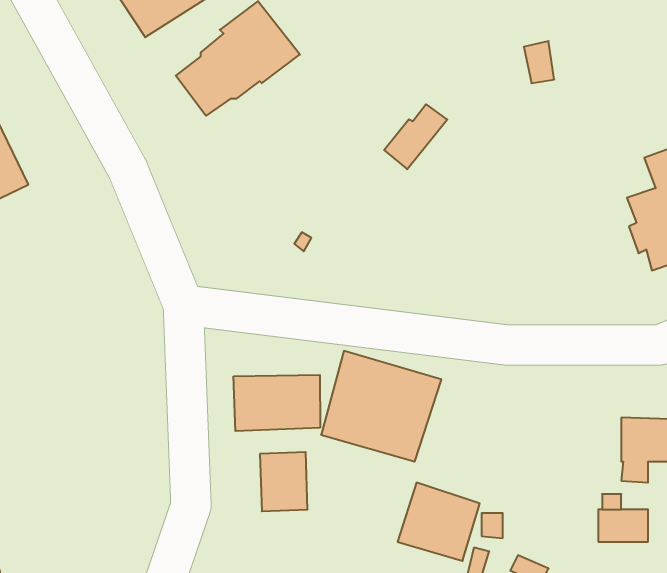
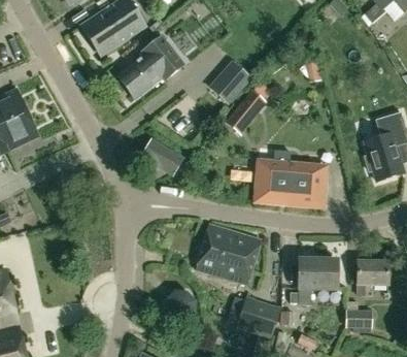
building: none -> [209,59,252,103]
building: none -> [142,139,181,173]
building: none -> [252,159,327,209]
building: [234,375,320,431] -> none
building: none -> [299,260,337,304]

